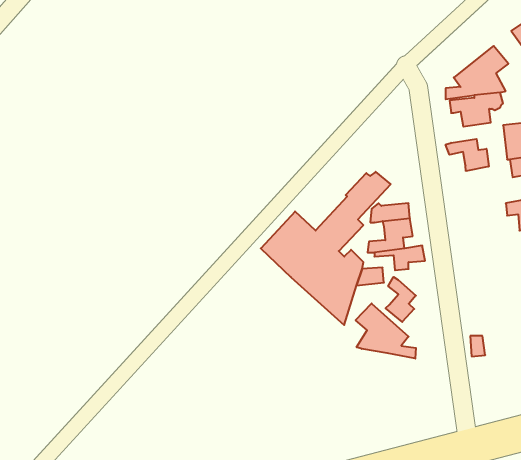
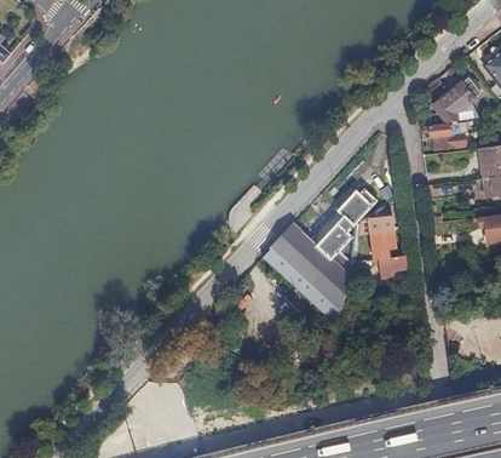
building: [446,139,489,171] -> none
building: [386,277,416,322] -> none
building: [356,303,416,359] -> none

